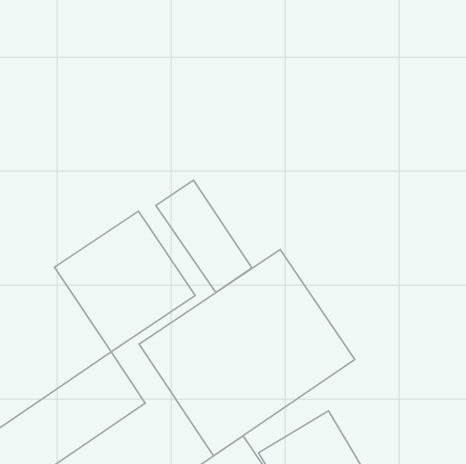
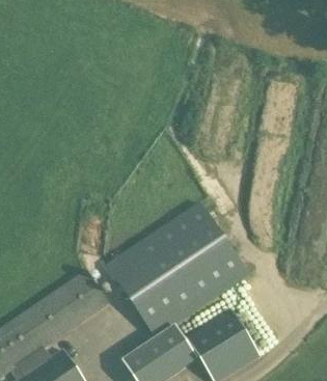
building: [156,180,252,292] -> none
building: [54,211,195,352] -> none

